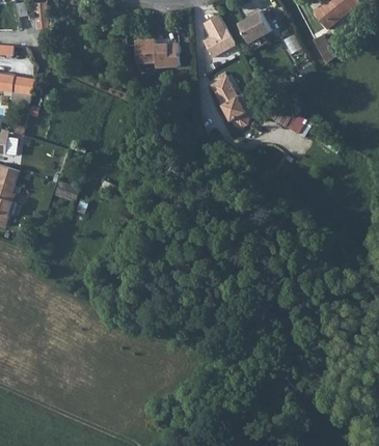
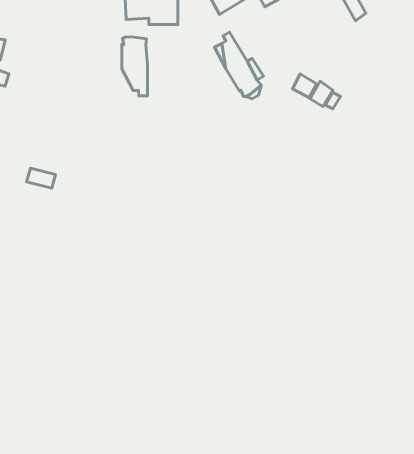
building: none -> [122,37,147,96]

